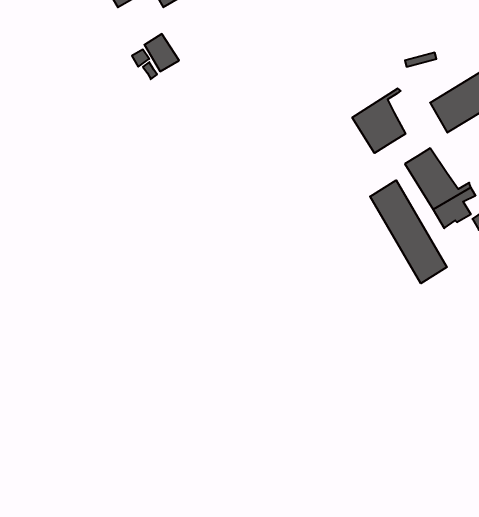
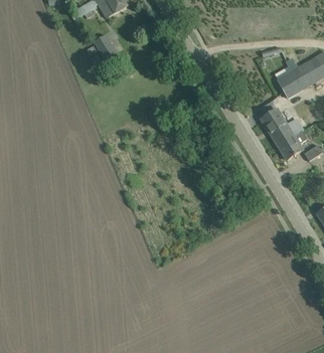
building: [352,88,405,153] -> none
building: [370,180,447,283] -> none

